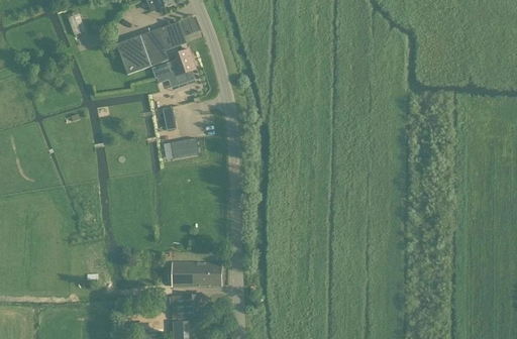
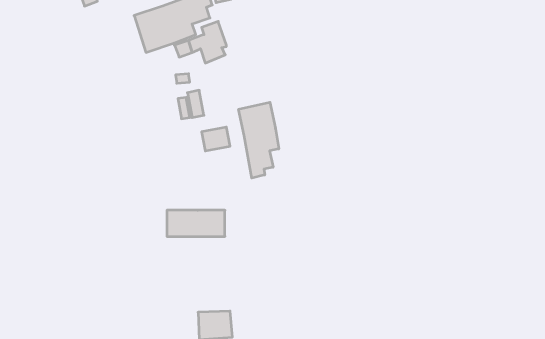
building: none -> [239,102,279,178]
building: [172,262,221,285] -> [167,210,225,236]

